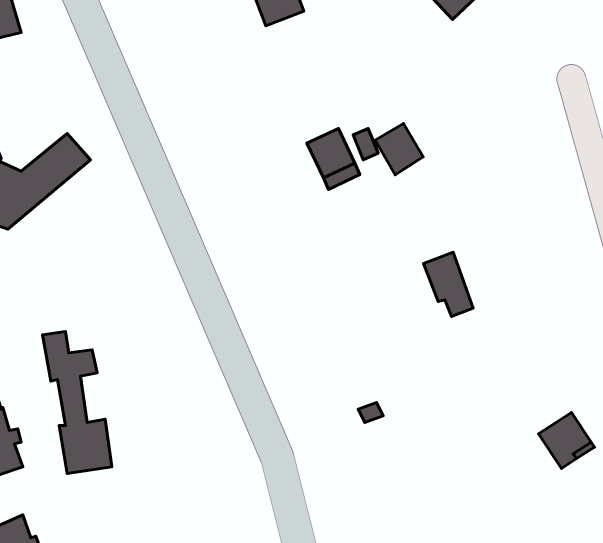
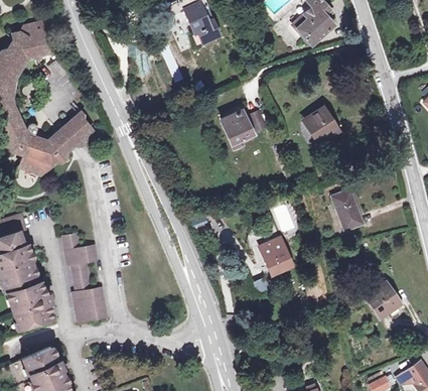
building: [375,124,423,175] -> [306,110,335,141]
building: [423,252,473,316] -> [332,189,363,229]
building: none -> [259,237,291,275]

